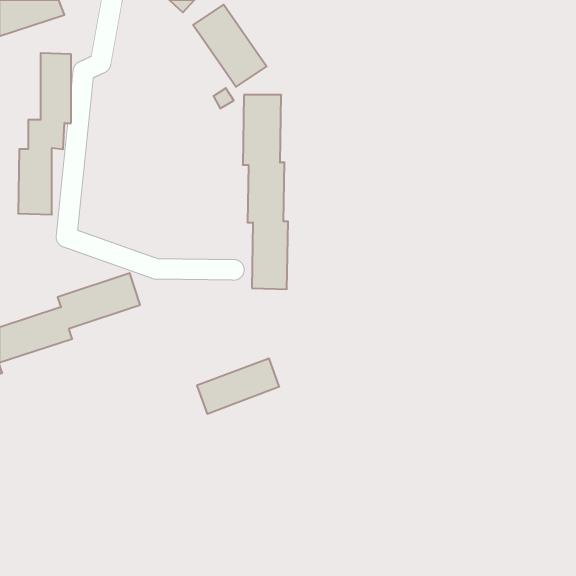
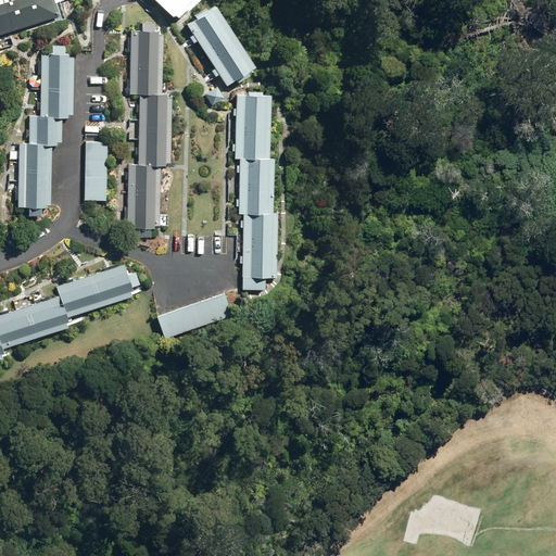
building: none -> [128,30,169,229]
building: none -> [84,142,105,202]
building: [197,358,279,414] -> [155,290,235,343]

